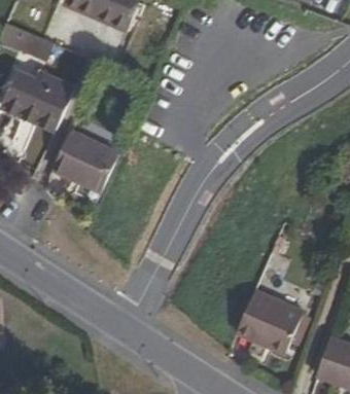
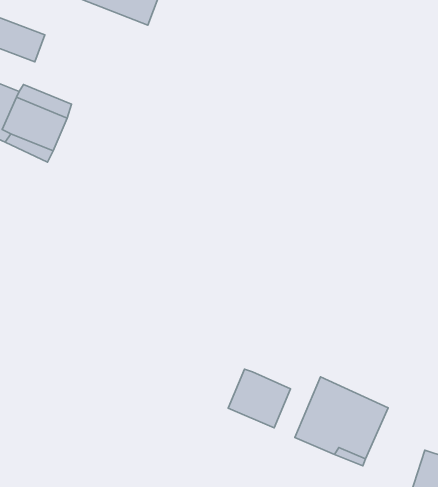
building: [54,131,120,191] -> none
building: none -> [228,369,290,428]

